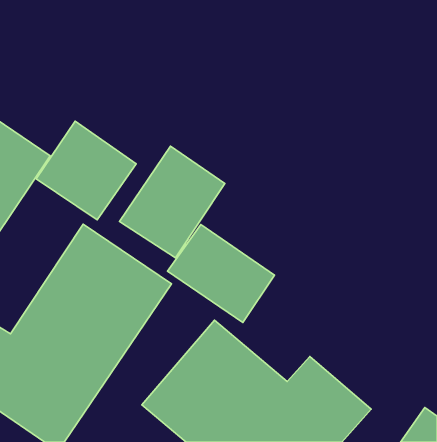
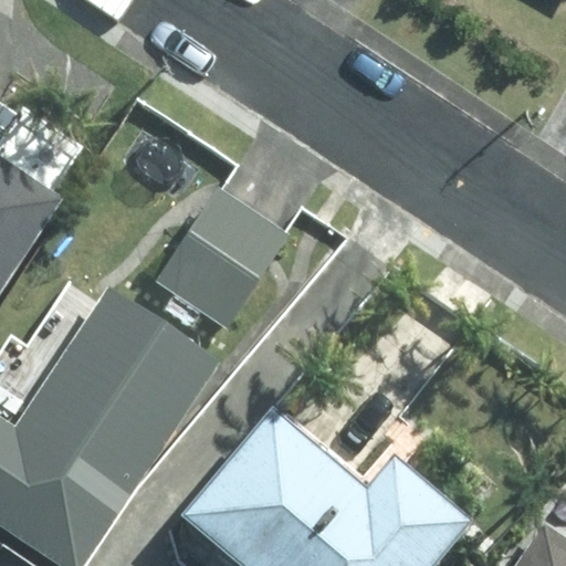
building: [36,121,136,220] -> none
building: [167,225,274,322] -> none

